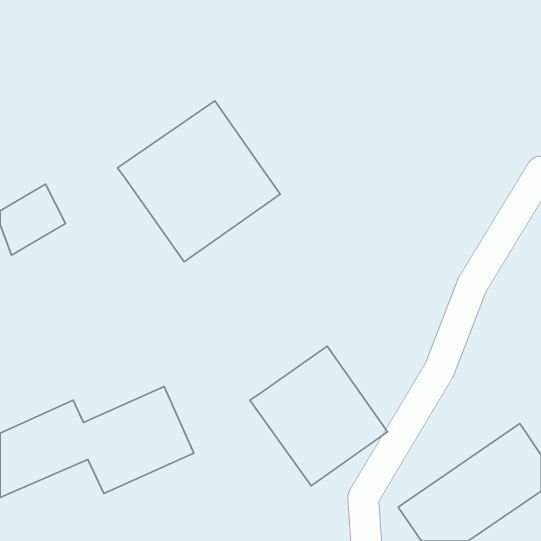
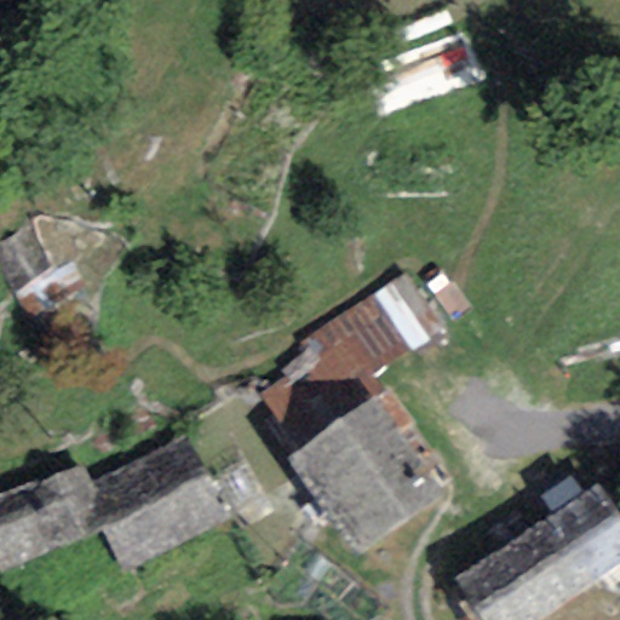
building: [118,101,280,262] -> none
building: none -> [258,274,443,450]

